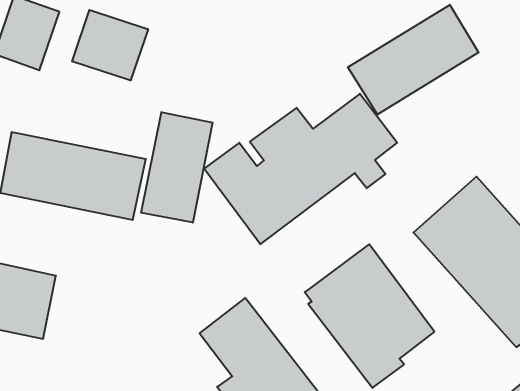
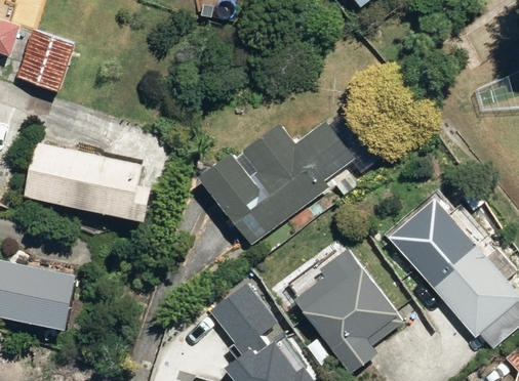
building: [348,5,479,114] -> none
building: [72,10,148,80] -> none
building: [141,112,213,223] -> none

